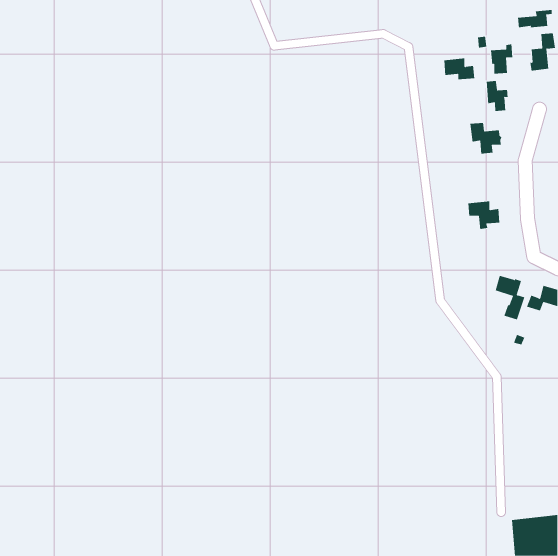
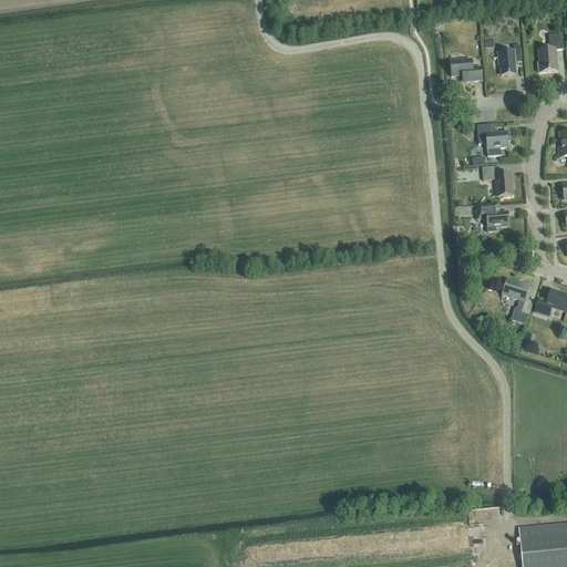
building: [517,9,552,28] -> none
building: [486,80,508,112] -> none
building: none -> [482,166,512,196]

